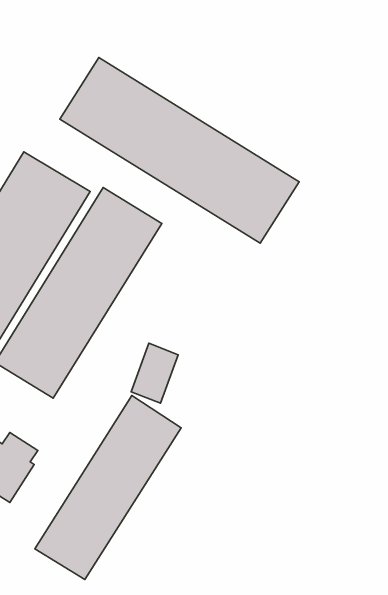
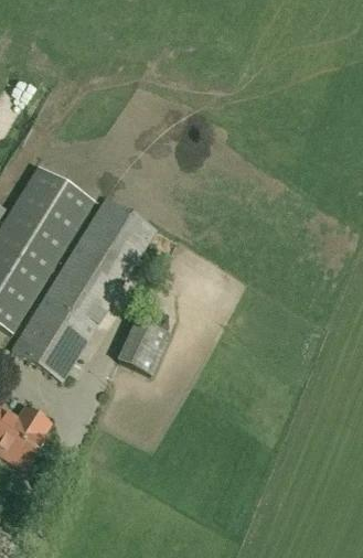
building: [60,58,299,243] -> none
building: [35,395,181,580] -> none

